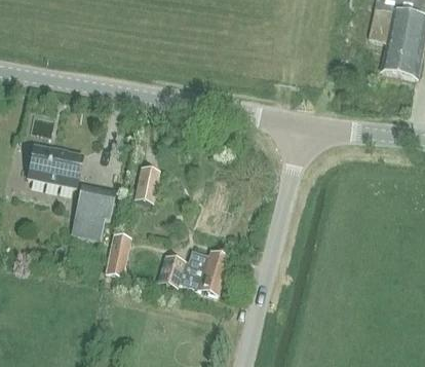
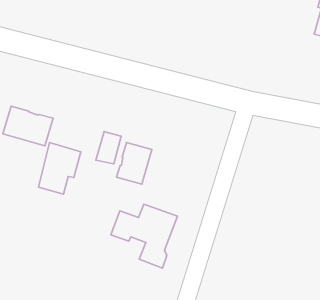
building: none -> [117,143,152,184]
building: [104,234,130,278] -> none

